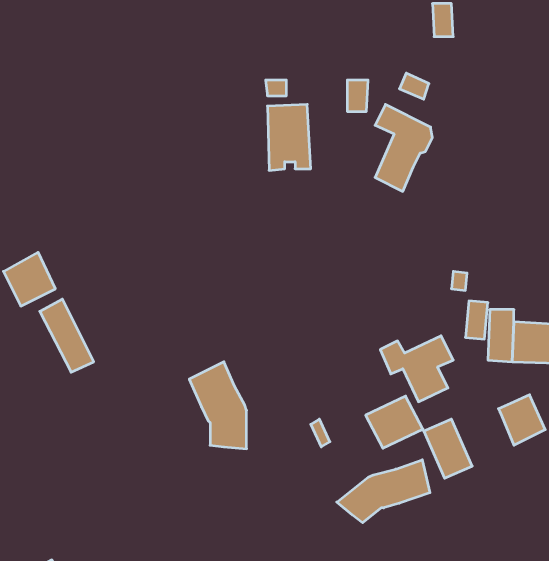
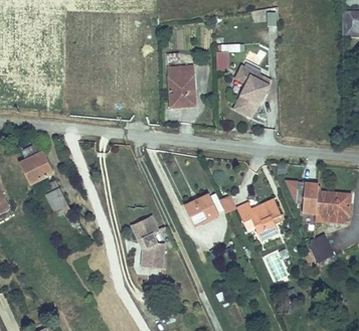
building: [366,396,423,448] -> [184,194,217,224]
building: [337,460,430,523] -> none

